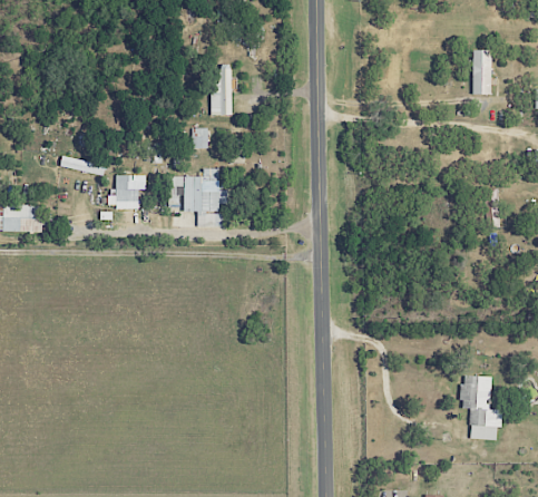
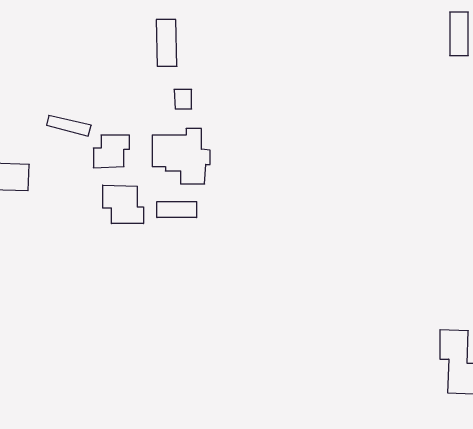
building: [211,67,232,115] -> [156,20,177,66]
building: none -> [103,185,143,224]
building: none -> [157,202,197,218]

